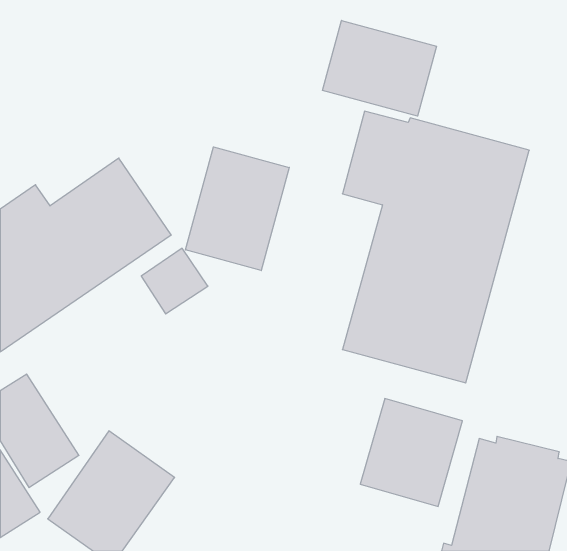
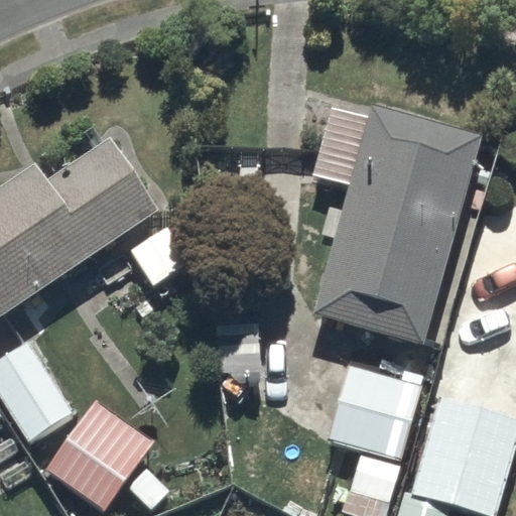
building: [323,20,437,116] -> none
building: [186,147,289,271] -> none

